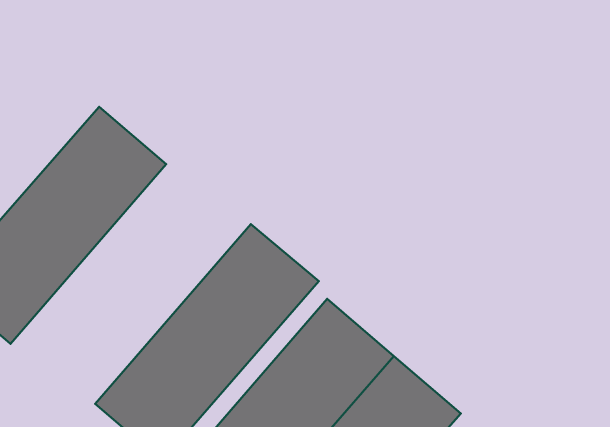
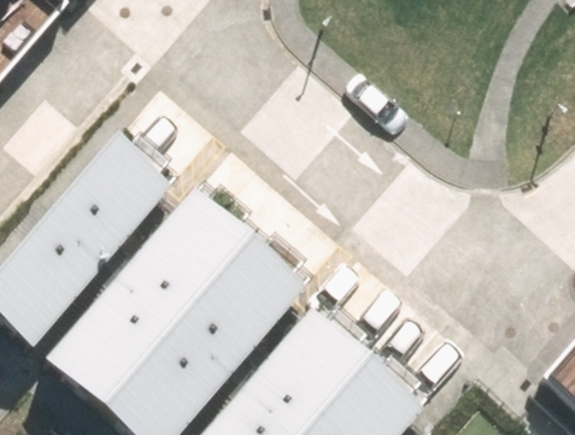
building: none -> [47,193,242,402]

